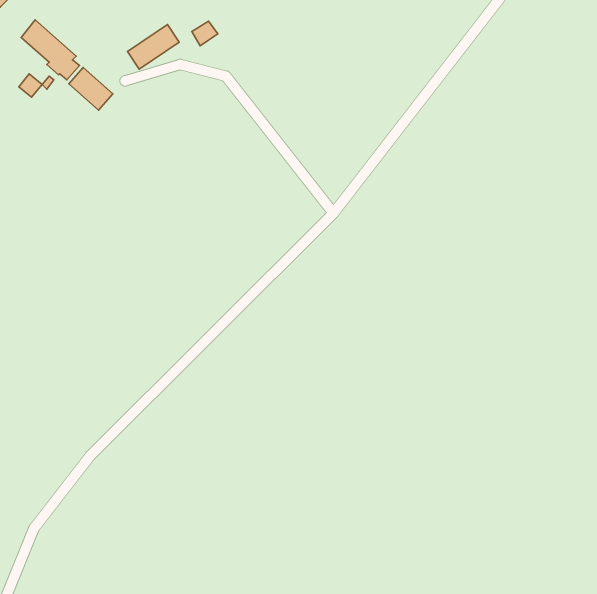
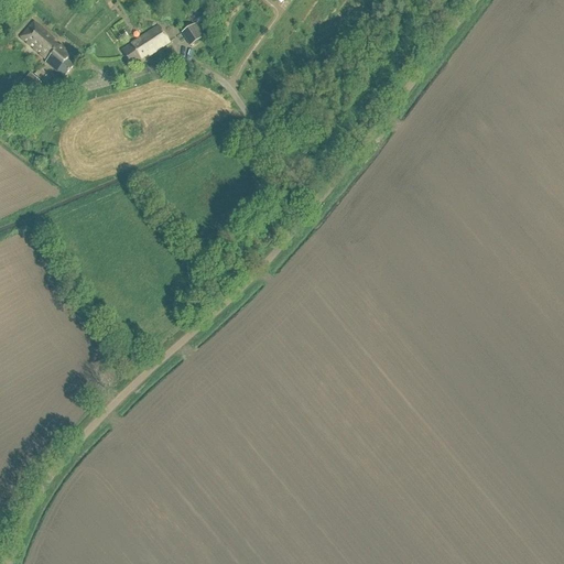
building: [69,68,113,110] -> none

